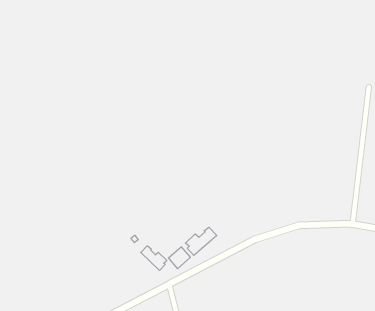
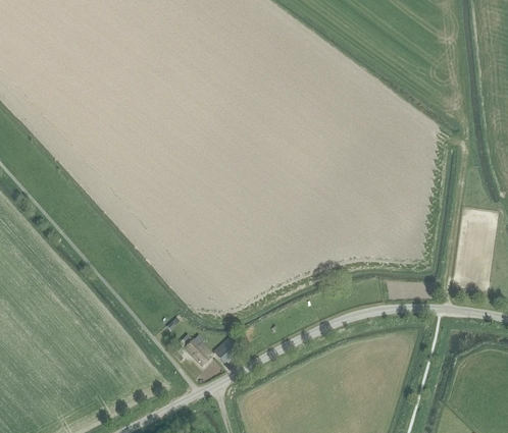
building: [185,227,217,255] -> none

